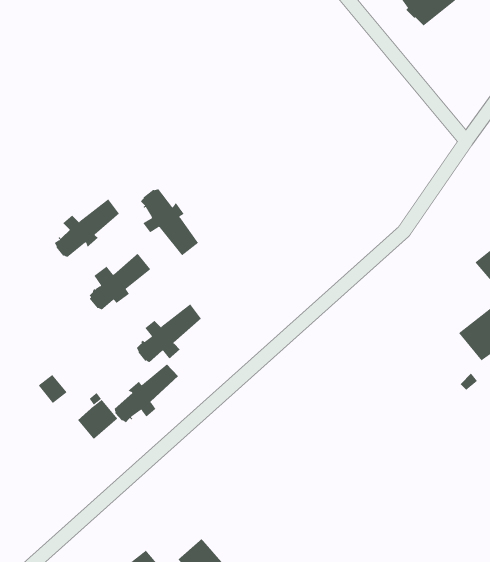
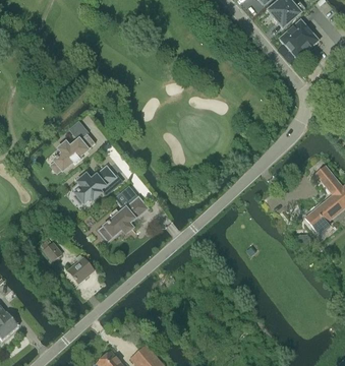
building: none -> [279,18,319,58]
building: [140,188,199,256] -> none
building: [114,363,179,423] -> none

